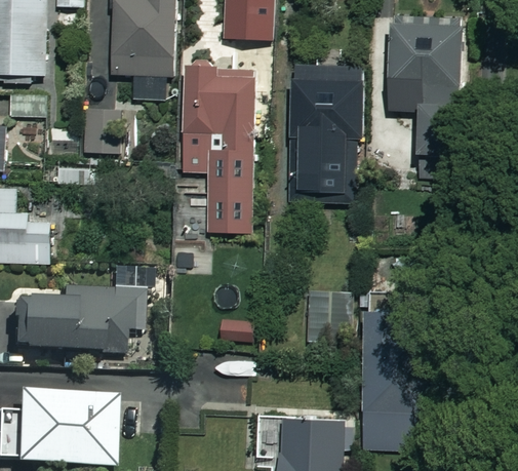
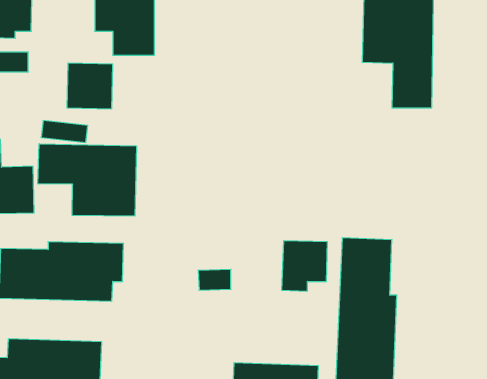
building: [182,64,254,231] -> none
building: [287,64,364,204] -> none
building: none -> [38,144,136,216]

